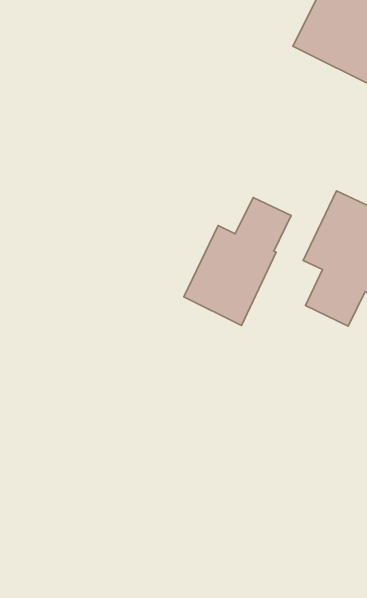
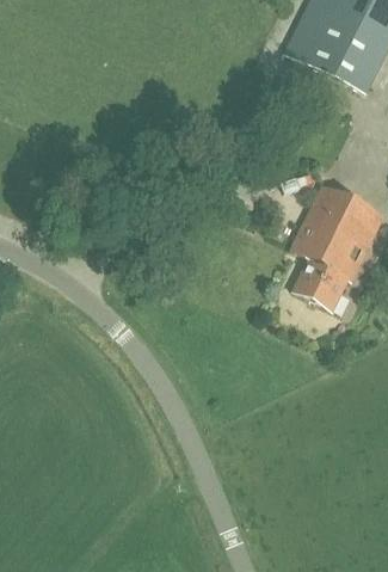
building: [184,197,291,326] -> none

